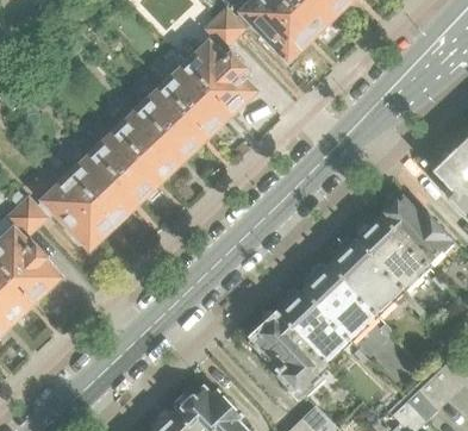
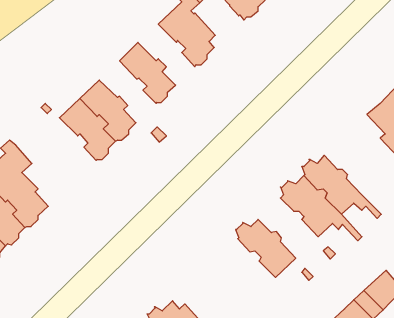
building: [163,64,230,136] -> none
building: [118,107,185,180] -> none
building: [20,174,114,248] -> none
building: [379,199,455,264] -> none
building: [302,268,374,338] -> none
building: [254,316,337,393] -> none

